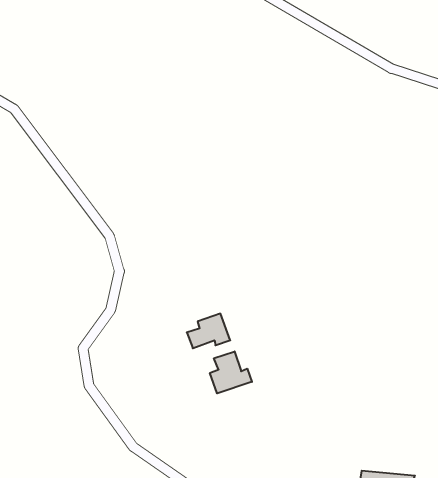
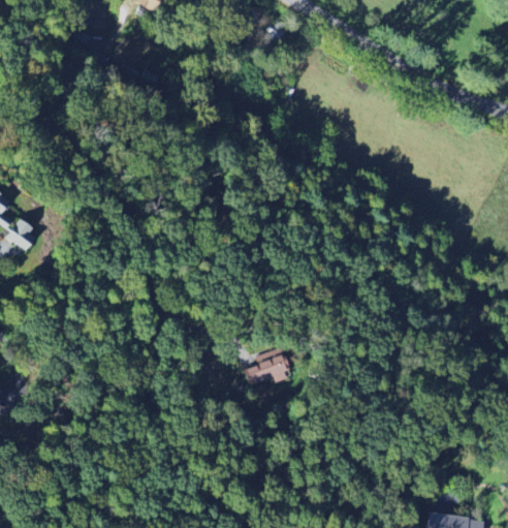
building: [210,351,252,393] -> none

